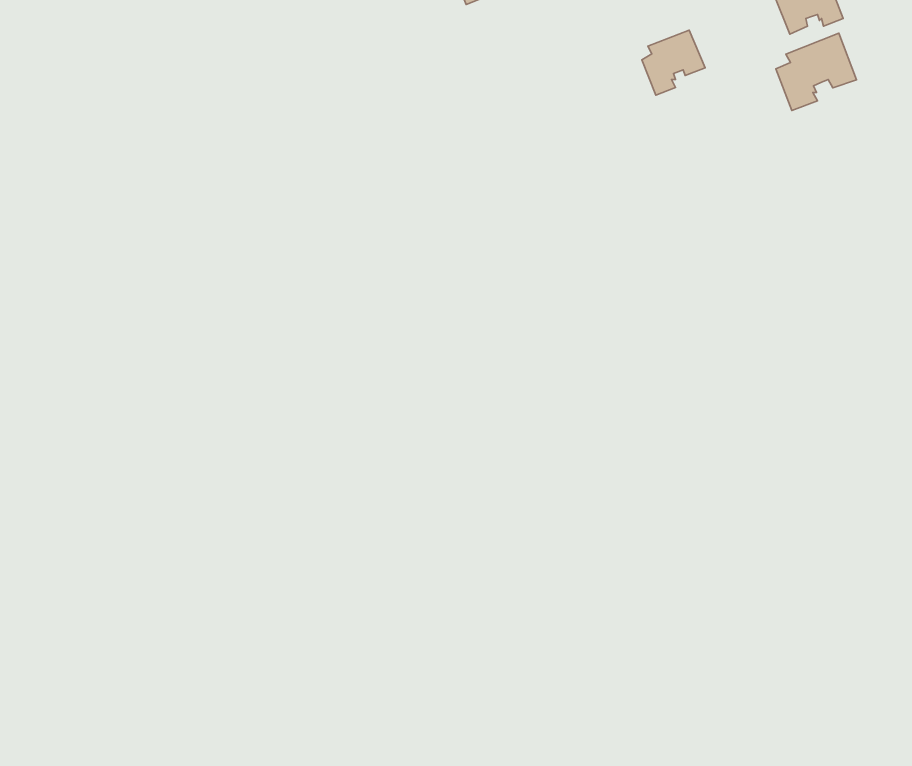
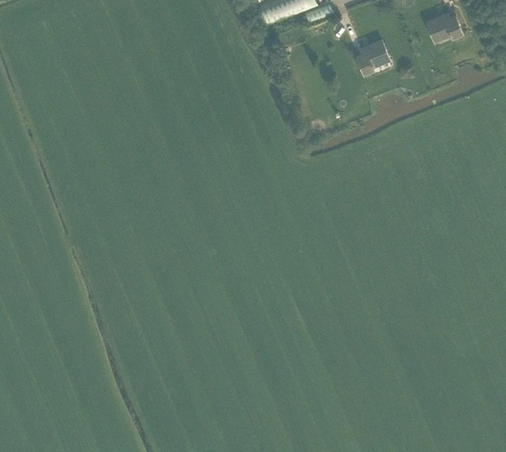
building: [776,33,856,110] -> none

